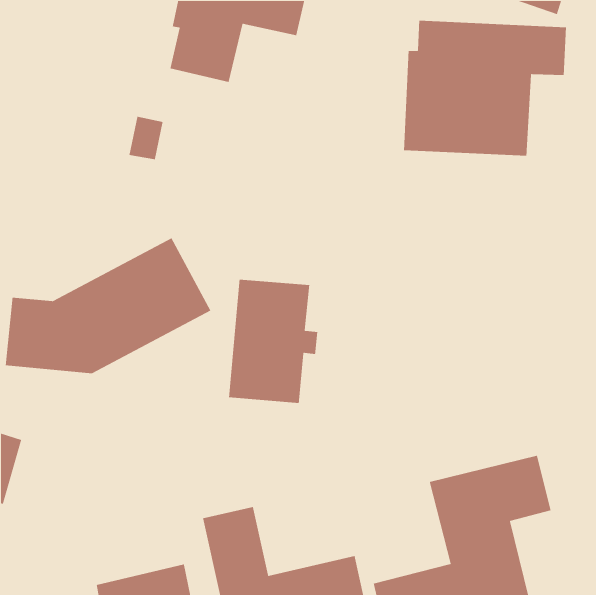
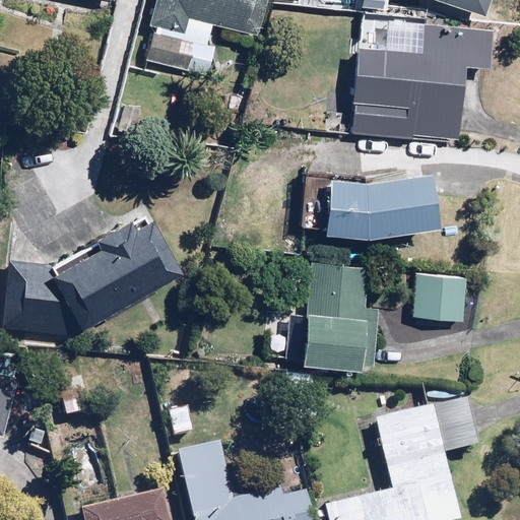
building: none -> [325,172,442,235]
building: [228,279,318,404] -> [302,261,380,370]
building: none -> [412,274,467,319]

